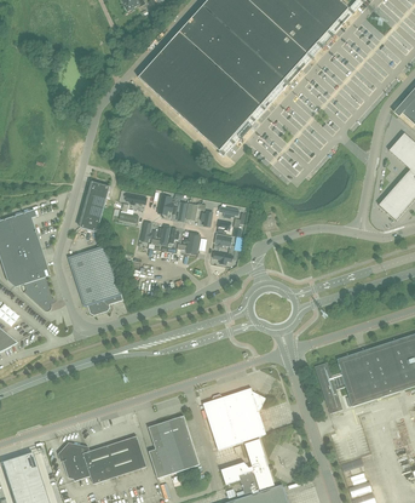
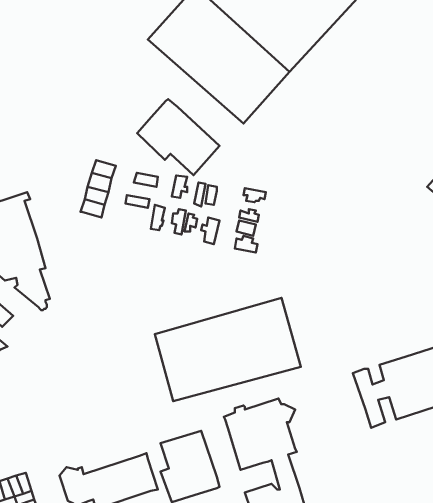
building: none -> [137,99,220,175]
building: [67,244,122,314] -> none
building: none -> [155,298,301,401]

